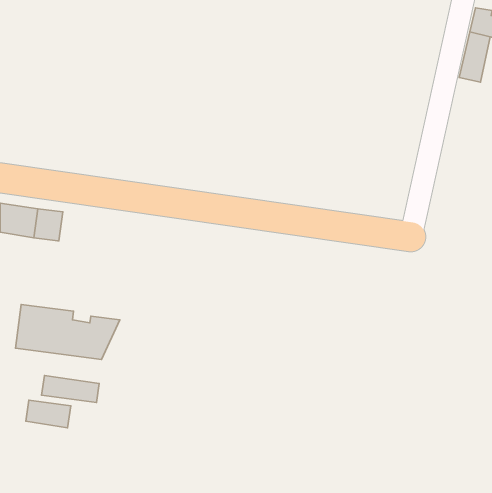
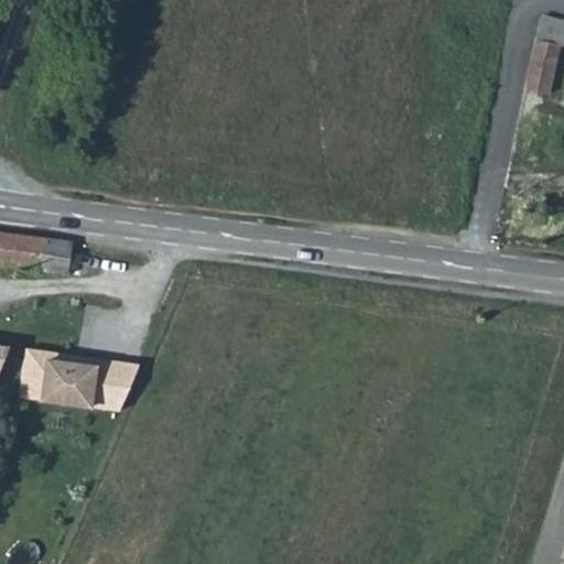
building: [42,375,99,402] -> none
building: [26,400,71,428] -> none

